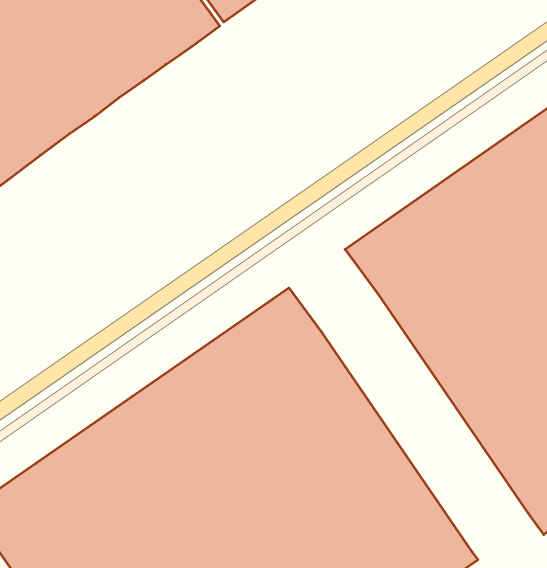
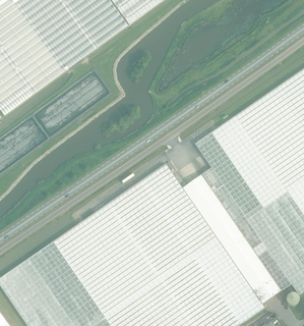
building: none -> [182,167,291,304]

